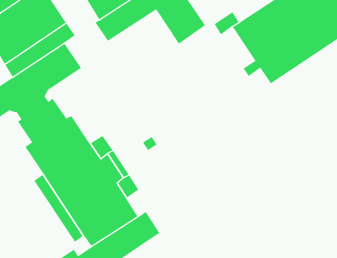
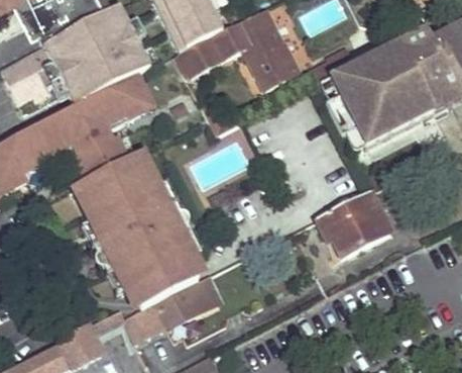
building: none -> [316,192,389,258]

